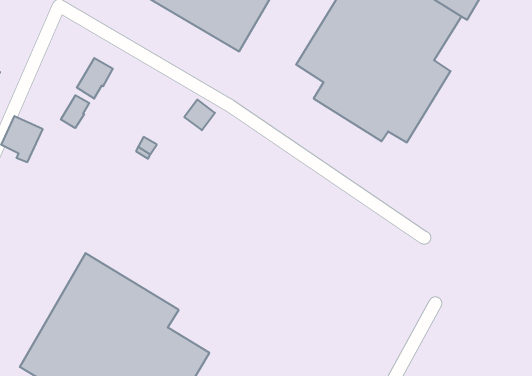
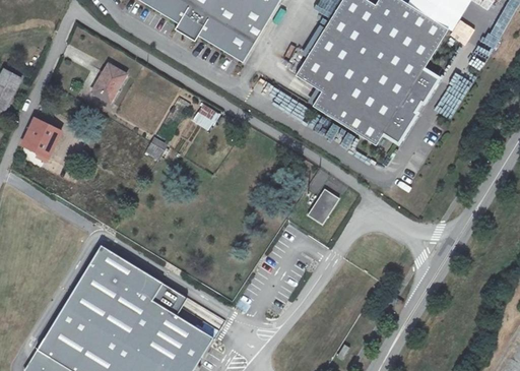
building: [61,95,89,128] -> none
building: none -> [306,189,337,225]

